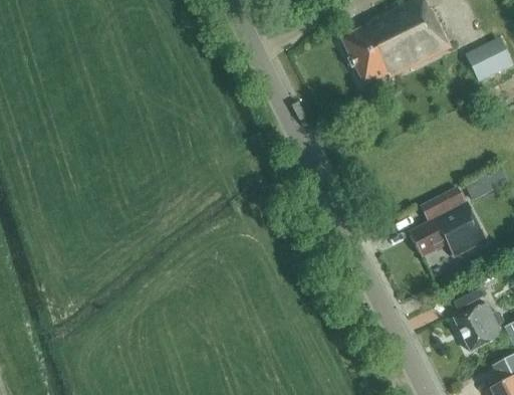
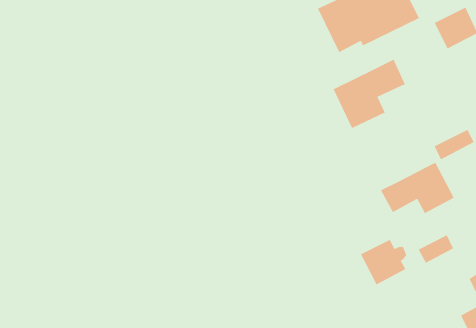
building: none -> [333,59,405,129]
building: [420,186,466,222] -> none
building: [454,303,504,352] -> [360,239,407,285]

